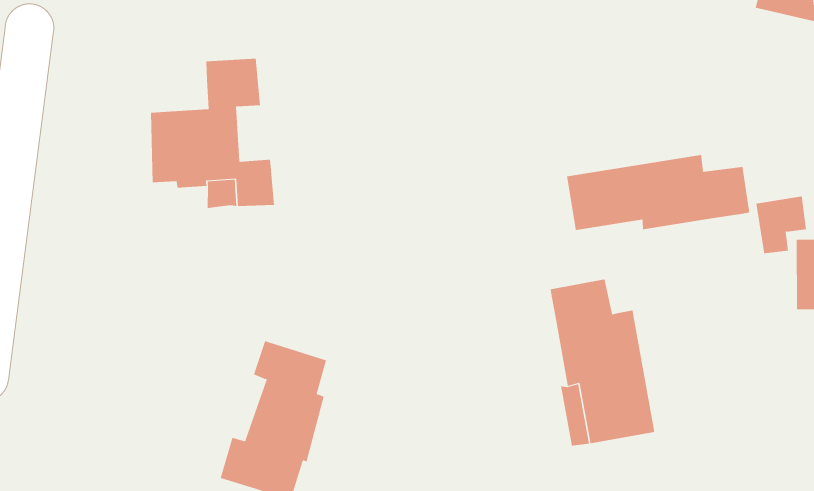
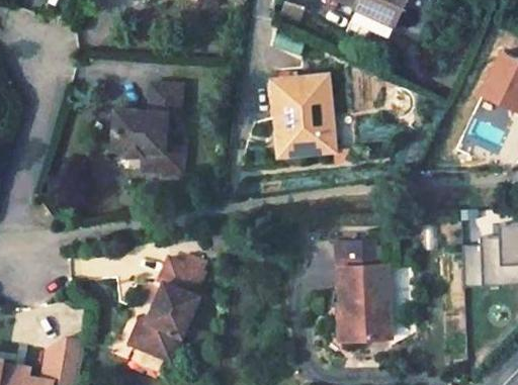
building: none -> [271,81,338,163]
building: [566,154,750,231] -> none

